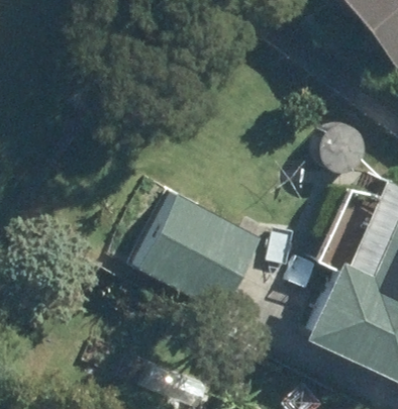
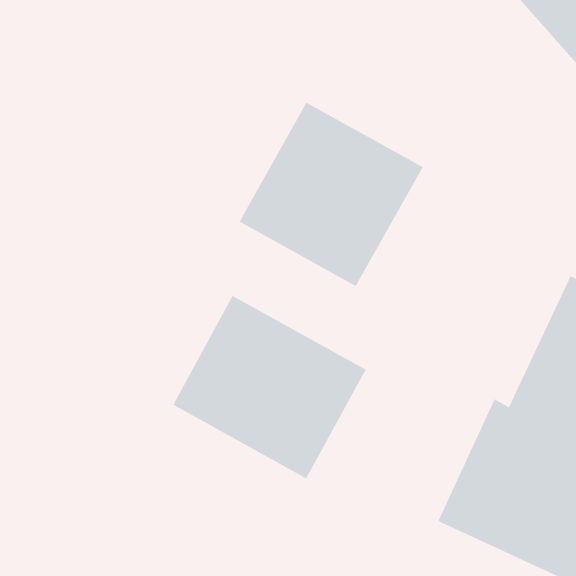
building: none -> [239,102,423,287]

